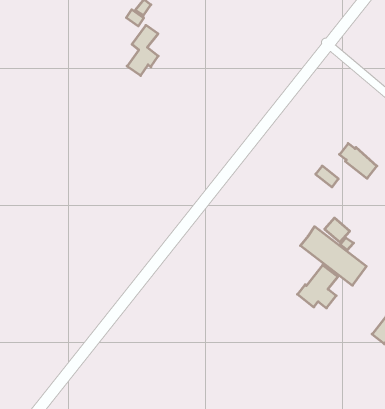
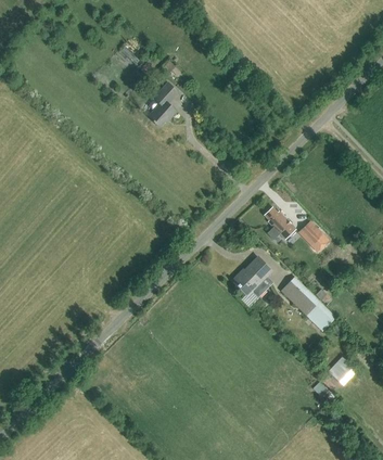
building: [339,143,377,178] -> [264,206,295,239]
building: [297,265,338,308] -> [233,257,270,295]

